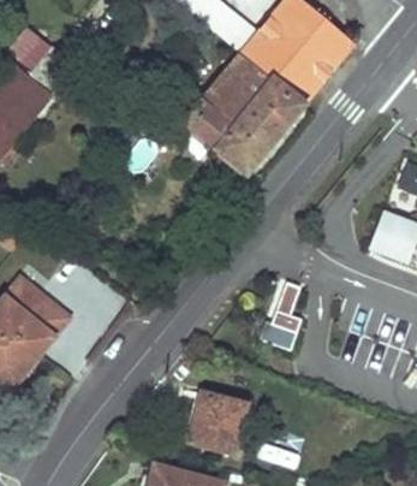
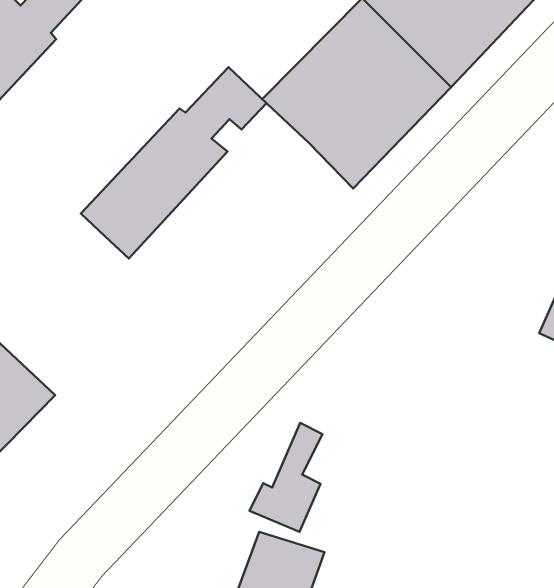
building: none -> [81,67,267,259]
building: [260,281,303,350] -> [249,423,322,532]

